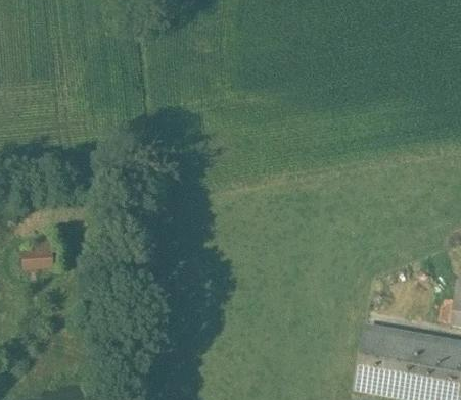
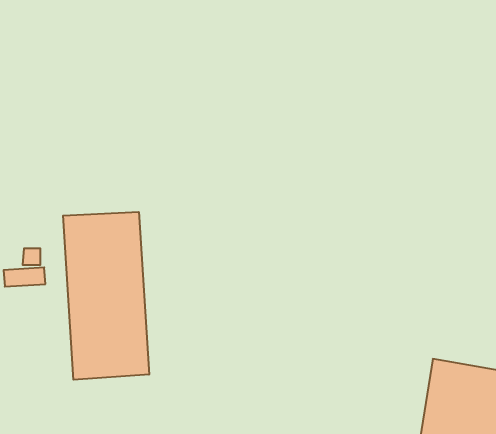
building: none -> [63,212,149,380]

